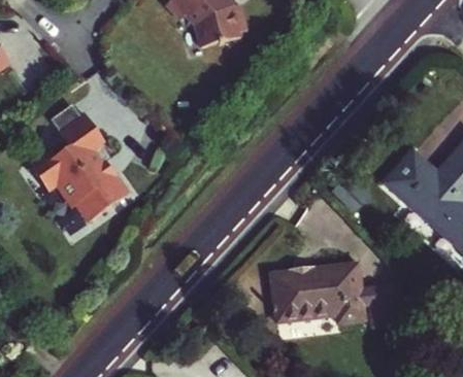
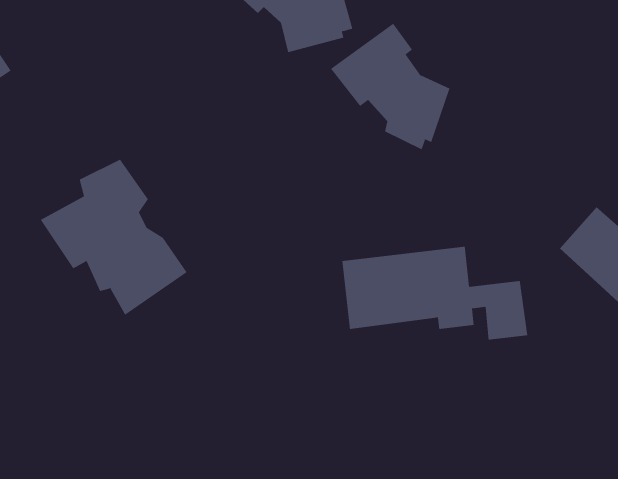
building: none -> [330,23,450,150]
building: [272,264,401,329] -> [342,246,528,340]

